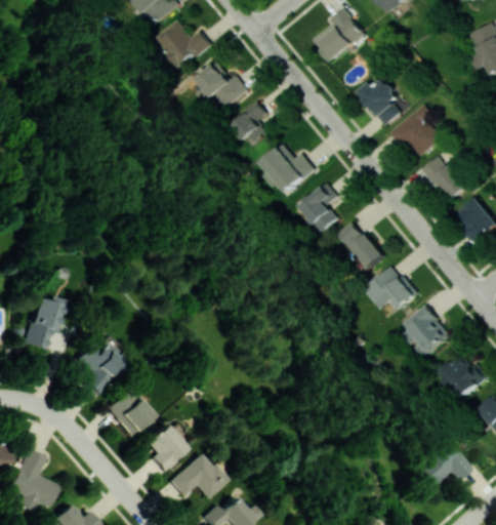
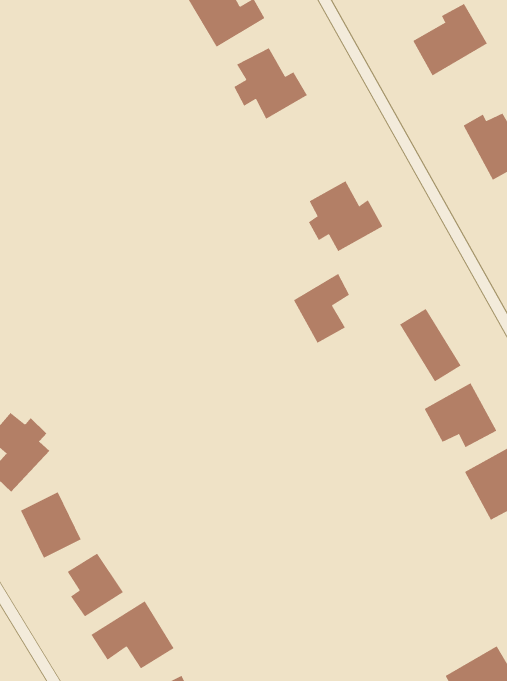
building: [234,102,270,147] -> none
building: [300,183,339,233] -> [293,273,350,344]

